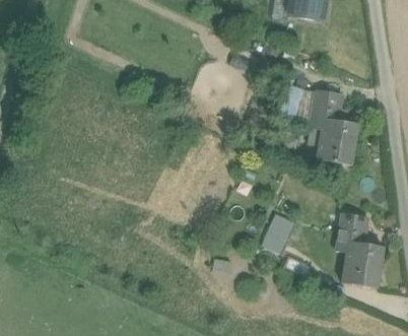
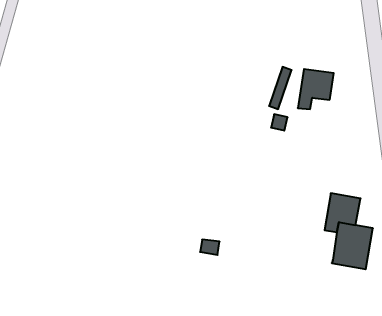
building: [317,118,356,163] -> none
building: [262,213,296,253] -> none

